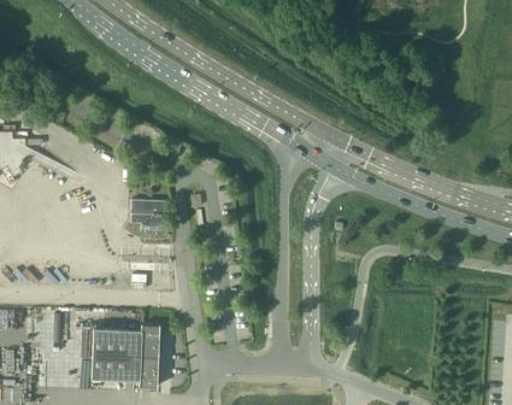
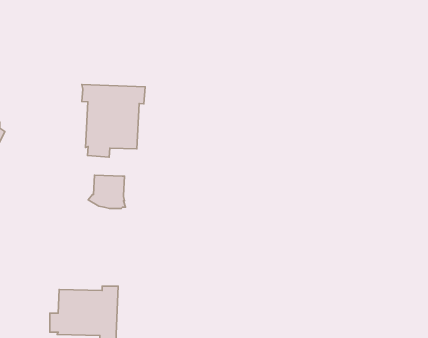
building: none -> [82,84,145,157]

